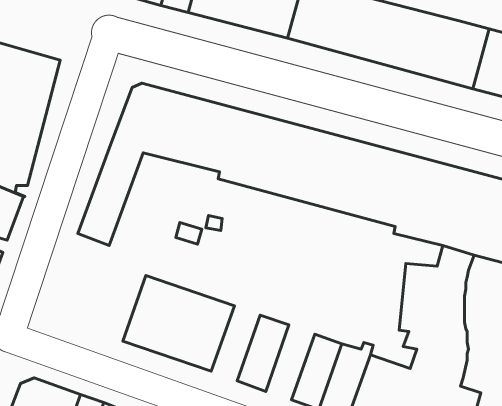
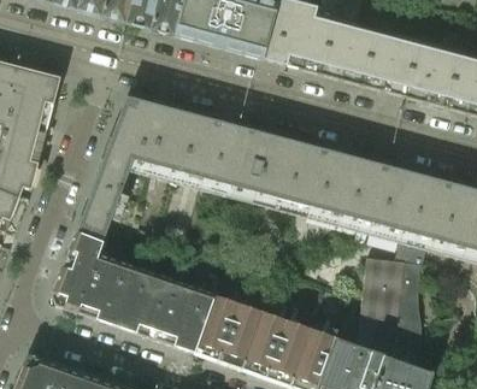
building: none -> [52,230,136,325]
building: none -> [194,294,237,360]
building: none -> [242,311,285,377]

